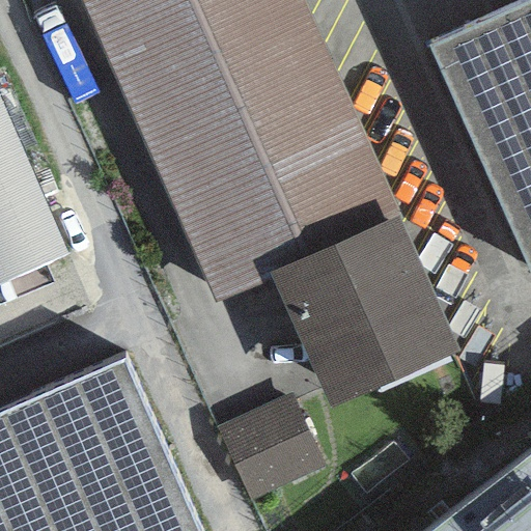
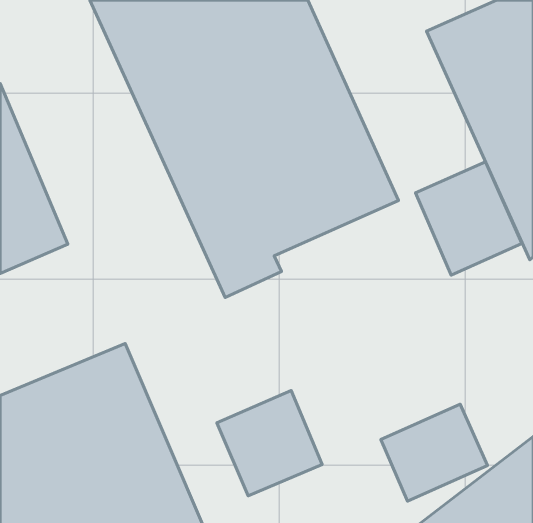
building: none -> [415,162,522,275]
building: [273,209,456,398] -> none
building: none -> [381,404,488,501]

